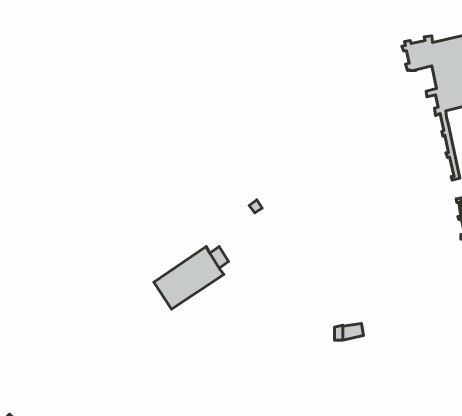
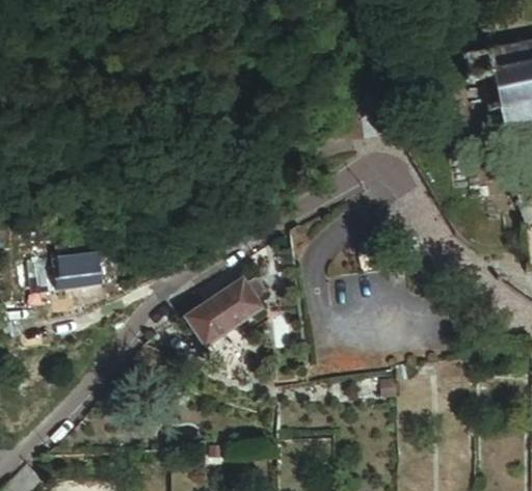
building: none -> [44,250,112,289]

